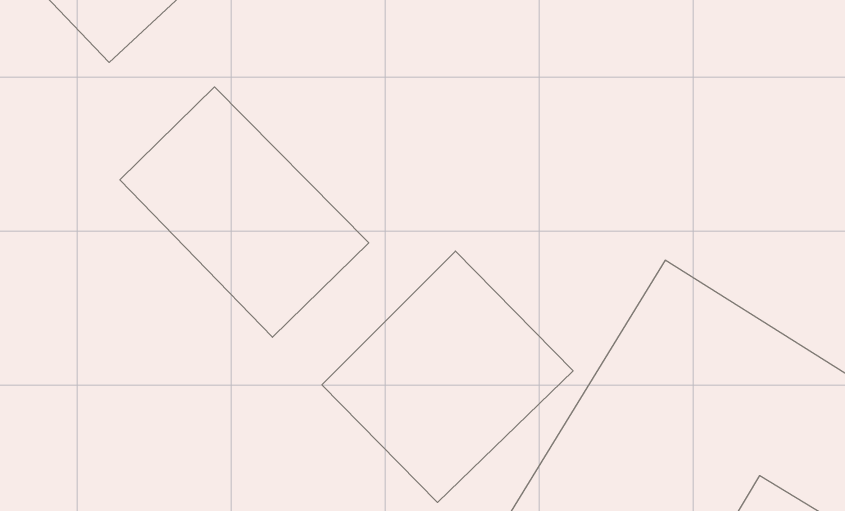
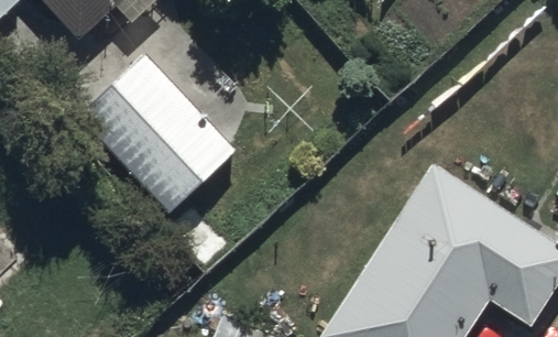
building: [322,251,573,502] -> none

